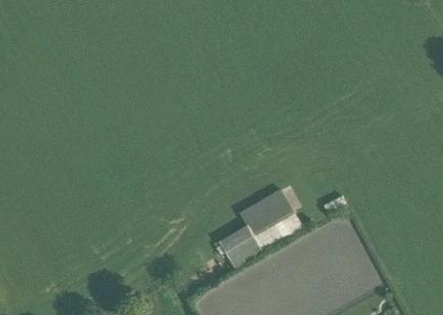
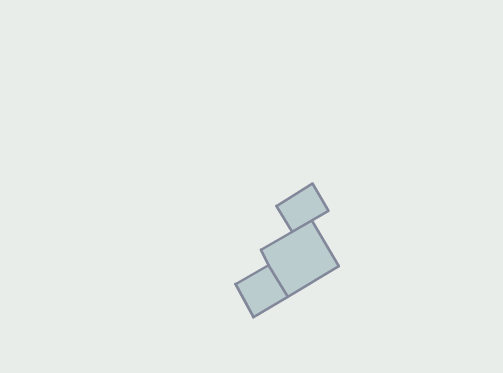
building: none -> [276,184,328,232]

